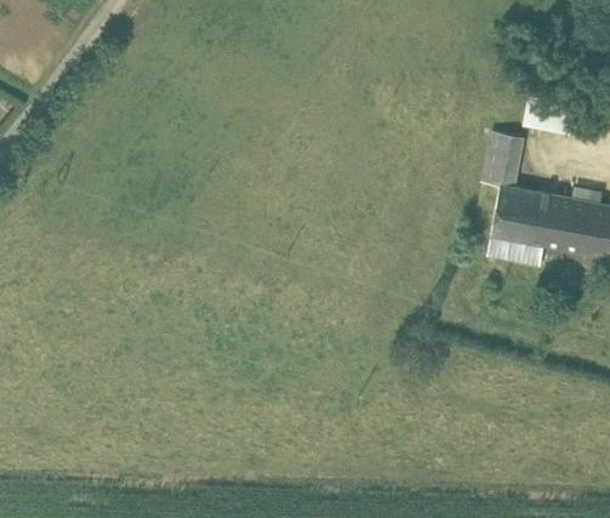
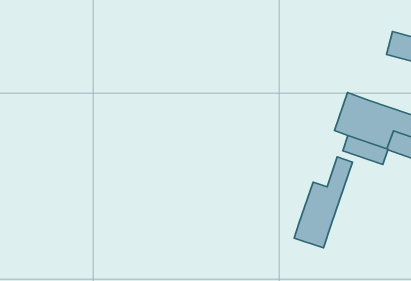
building: [486,131,525,186] -> none
building: none -> [294,157,352,248]

